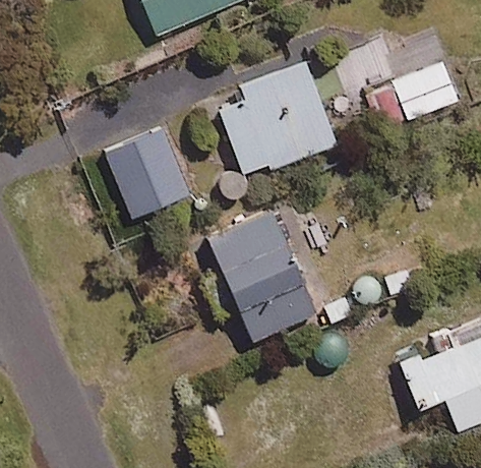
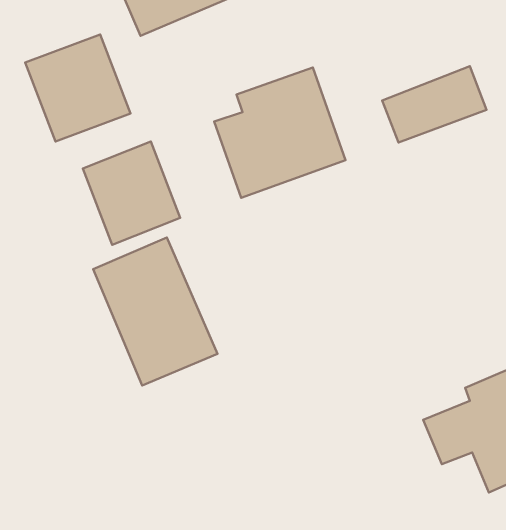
building: none -> [25,34,131,141]
building: [206,212,314,340] -> [93,238,217,385]

